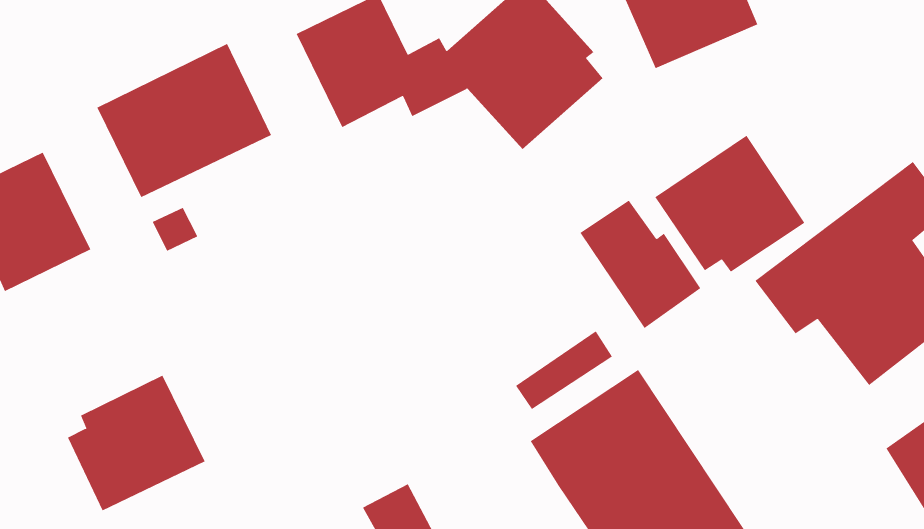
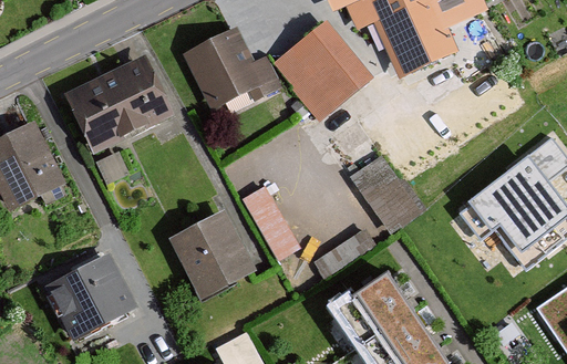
building: [654,135,805,273] -> none
building: none -> [243,190,298,264]
building: none -> [165,215,251,301]

